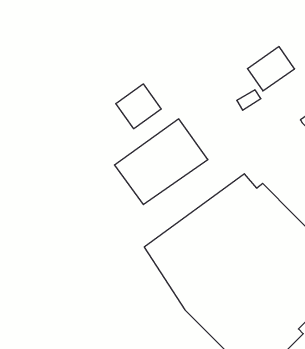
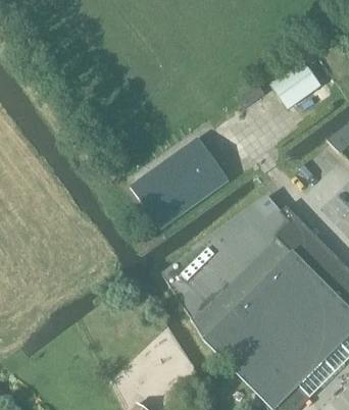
building: [116,84,161,129] -> none

